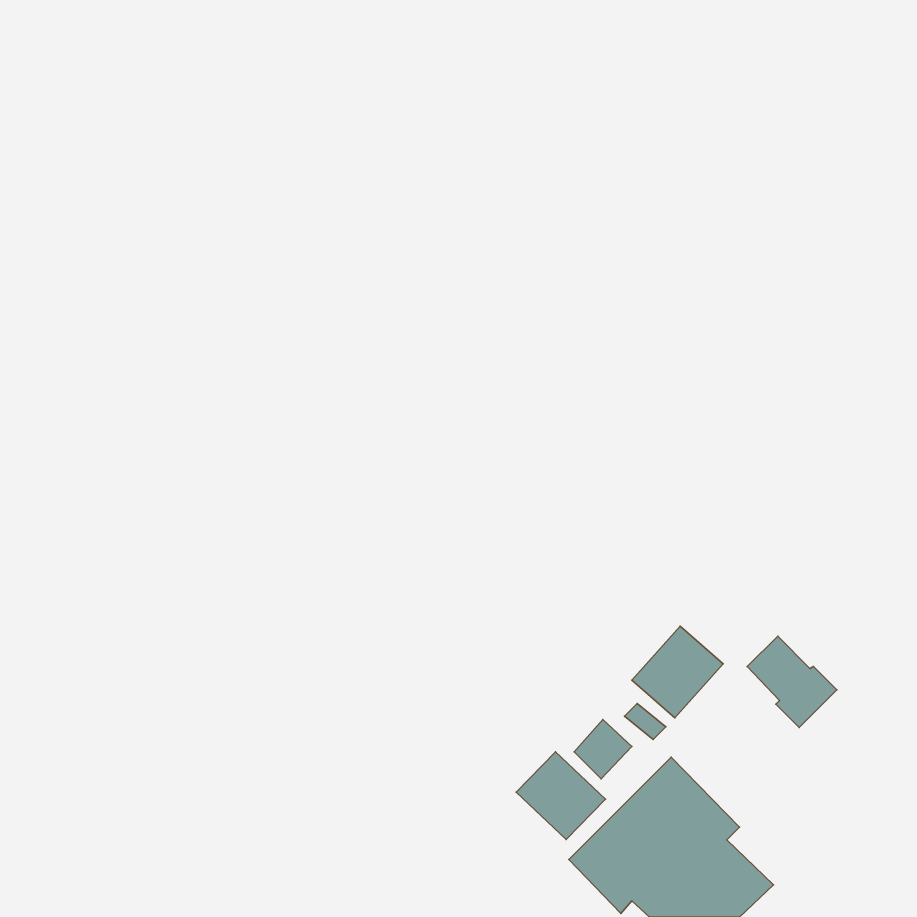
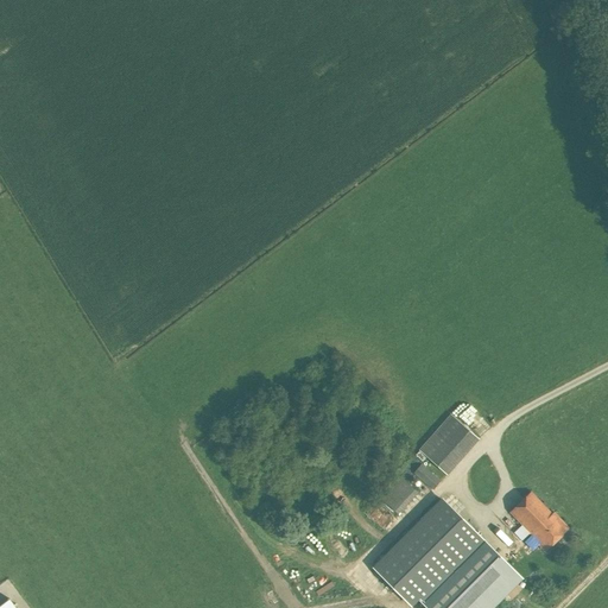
building: [747,636,837,728] -> [511,493,570,553]
building: [516,752,605,839] -> none

